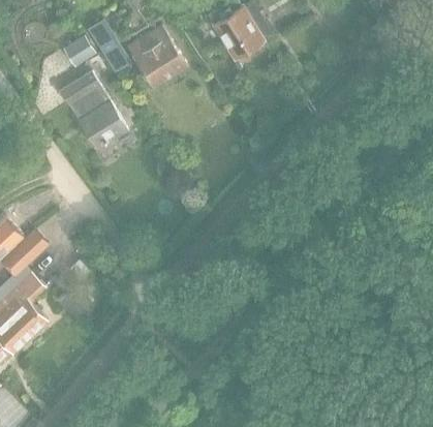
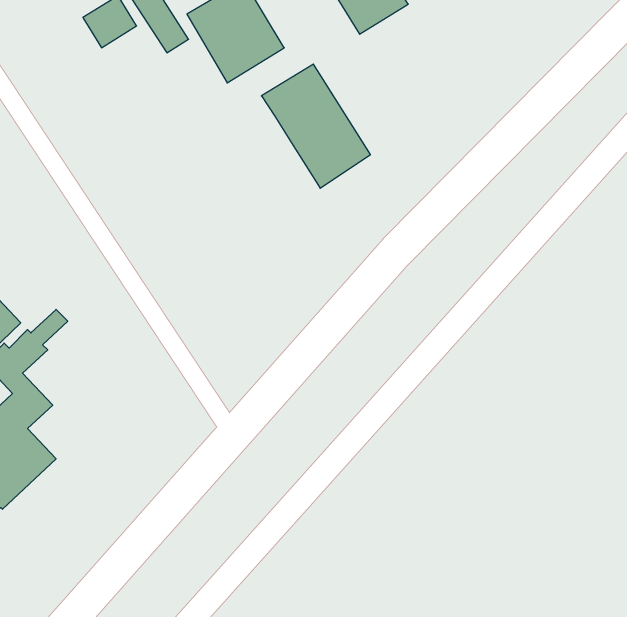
building: [59,71,126,148] -> [261,64,370,188]

